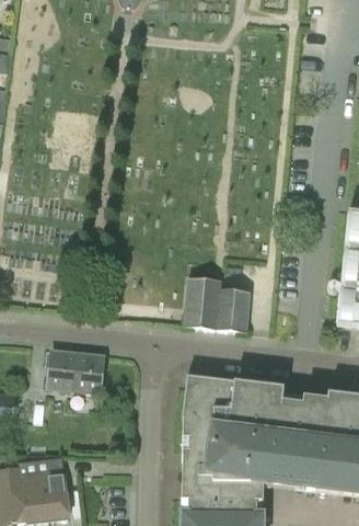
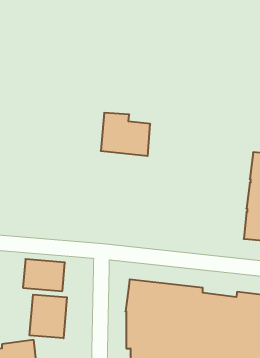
building: [185,277,250,333] -> [101,113,150,156]
building: none -> [30,295,67,338]

